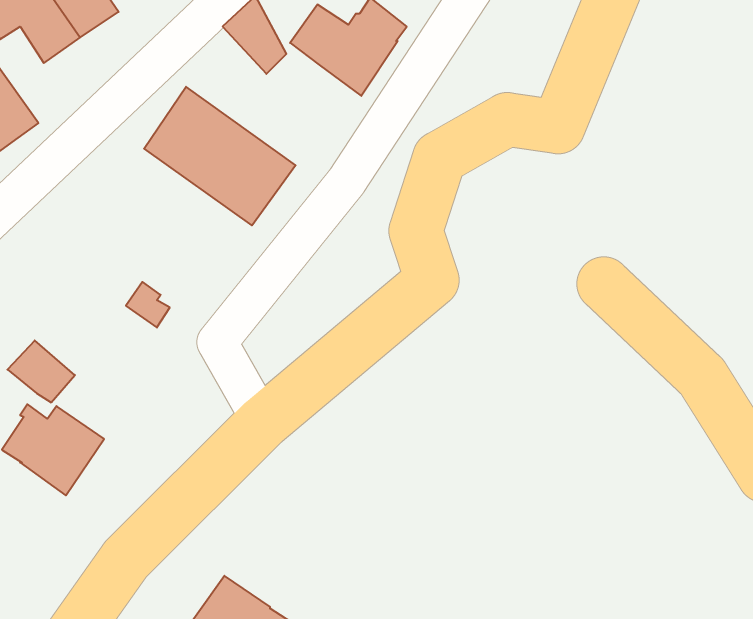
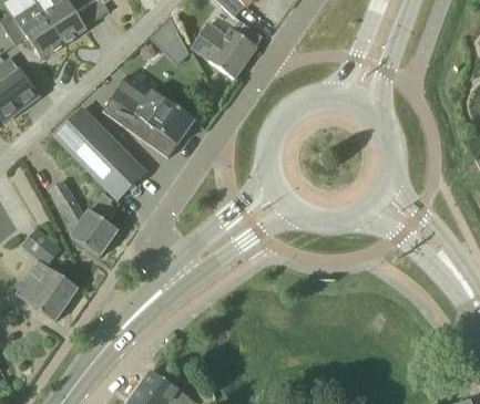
building: none -> [53,107,145,199]
building: none -> [49,180,118,256]

